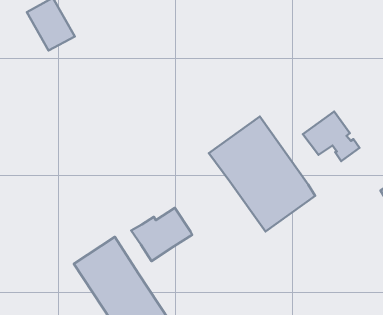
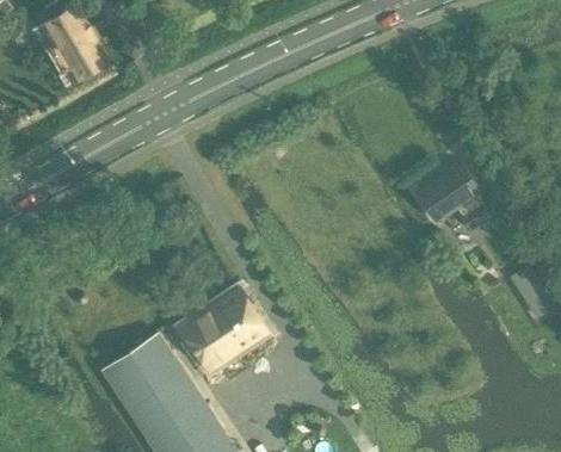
building: [209,117,315,232] -> none

